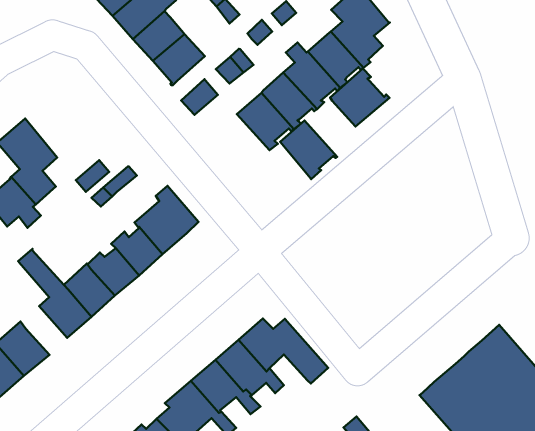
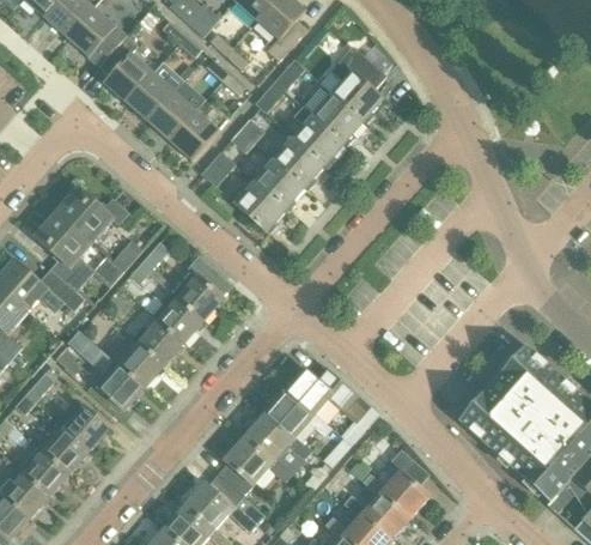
building: [330,68,390,127] -> none
building: none -> [57,186,128,242]
building: [280,121,337,179] -> [234,180,290,234]

